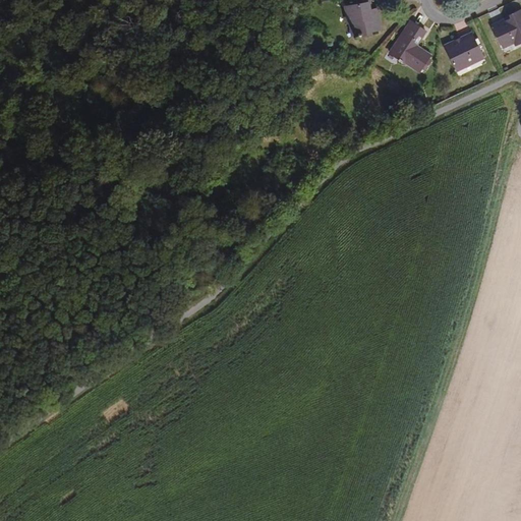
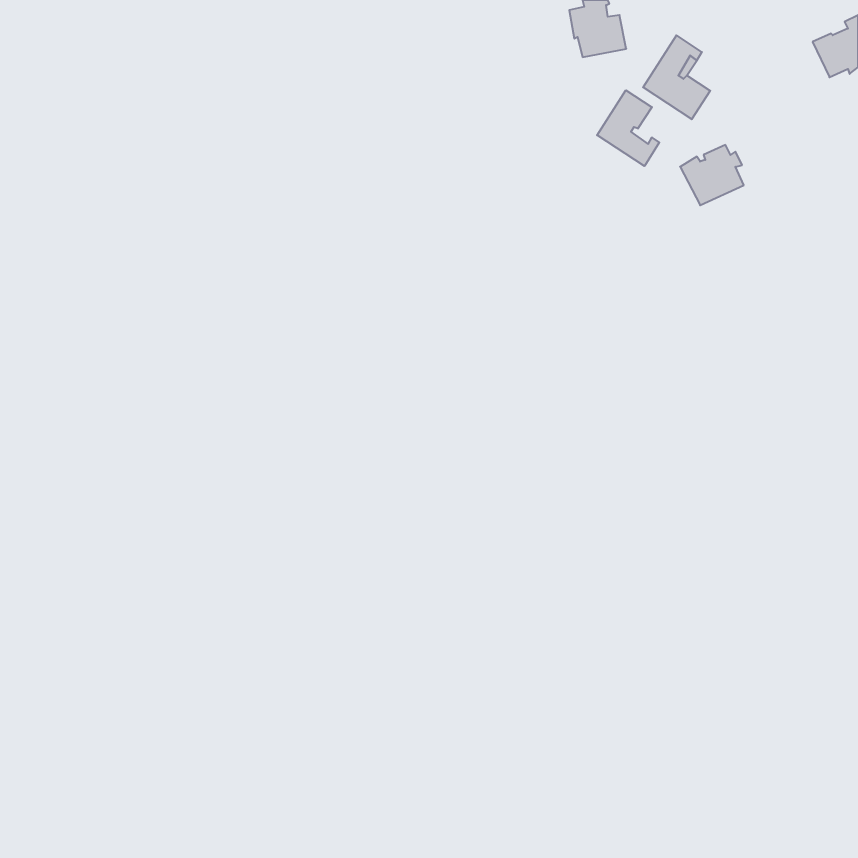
building: [445,34,483,70] -> [680,145,744,205]
building: none -> [597,90,659,166]

